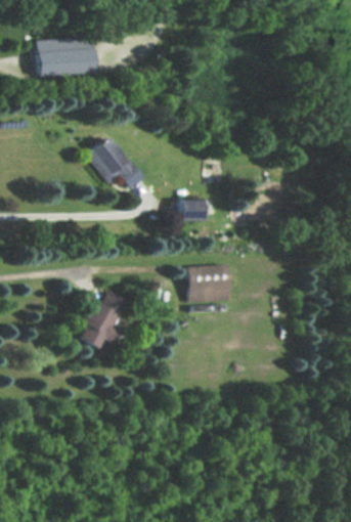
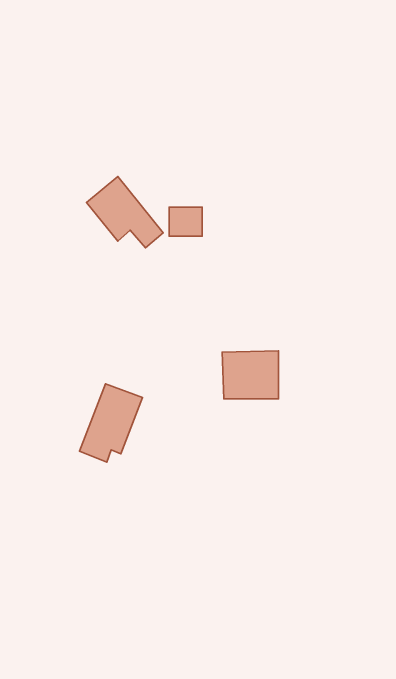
building: [37,38,97,76] -> none
building: [181,201,206,222] -> [169,207,202,236]

